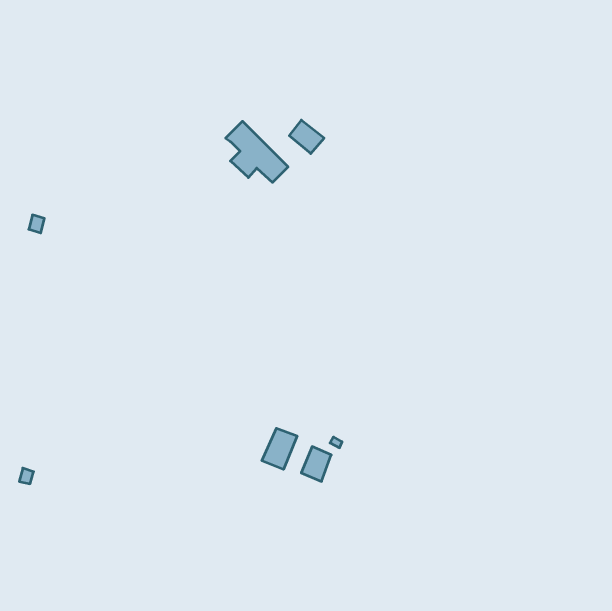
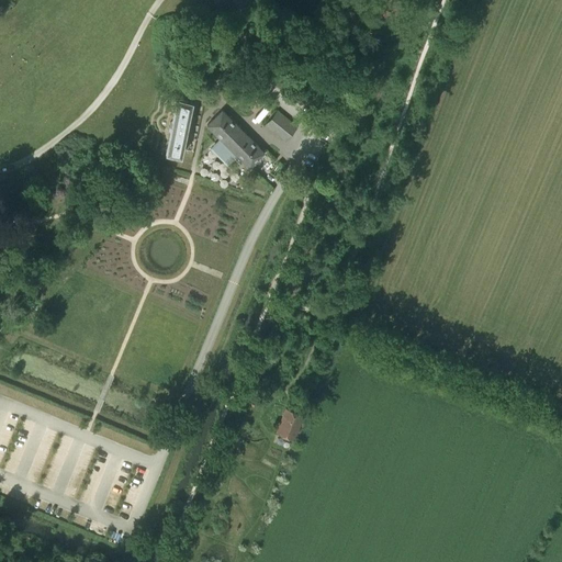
building: none -> [167,99,193,158]
building: [262,428,297,469] -> none

